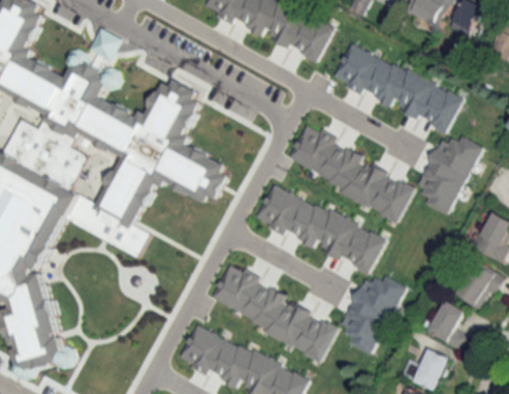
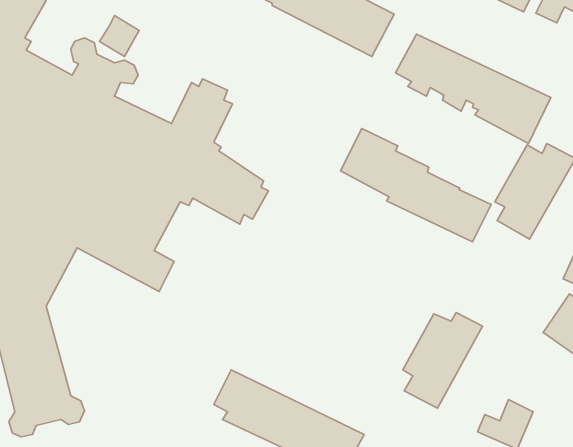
building: [258,188,385,277] -> none
building: [211,266,338,364] -> none
building: [427,300,467,348] -> none

